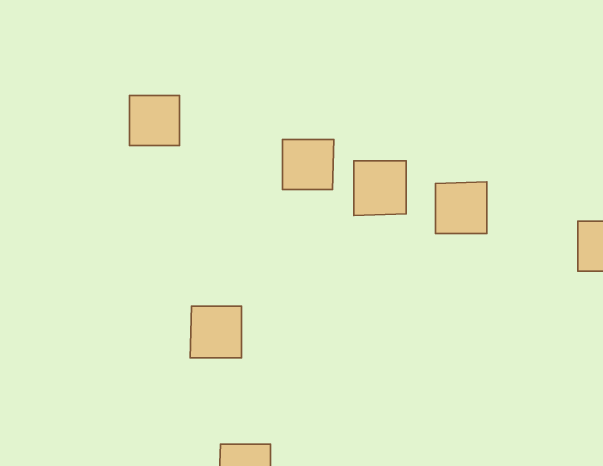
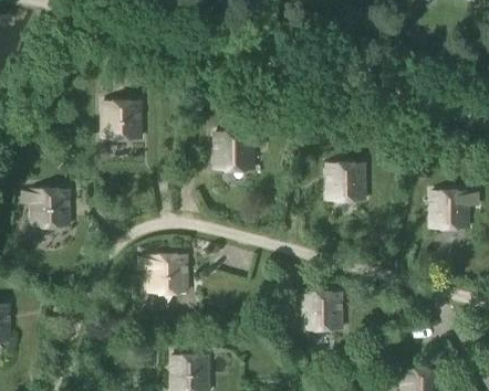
building: [354,161,406,216] -> none
building: none -> [34,188,71,224]
building: none -> [305,293,343,329]

